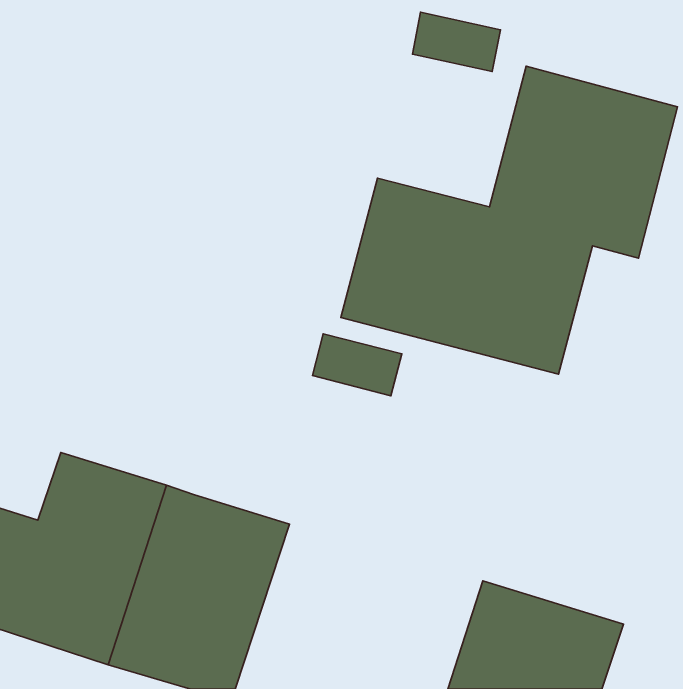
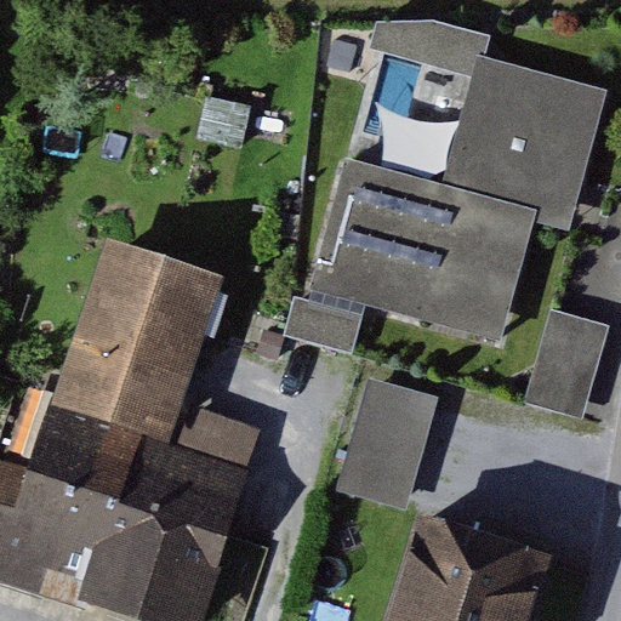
building: none -> [55,233,228,444]
building: none -> [520,310,603,418]
building: none -> [334,378,434,509]

